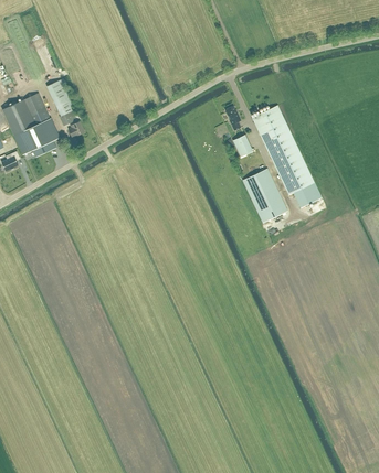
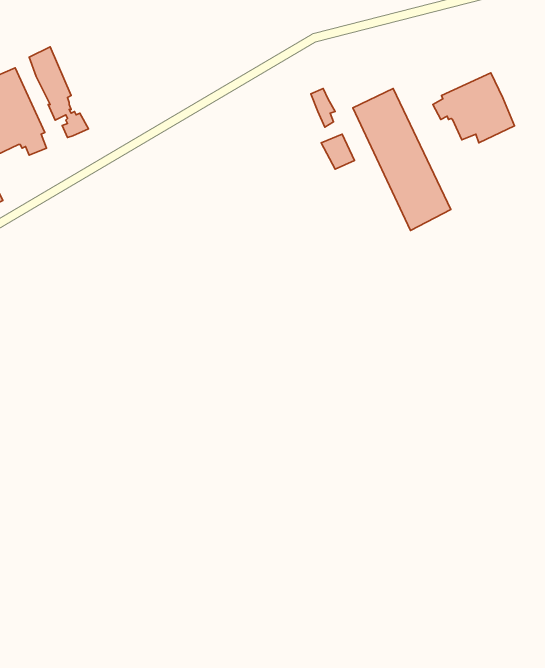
building: none -> [433,73,514,143]
building: [242,169,287,223] -> none

